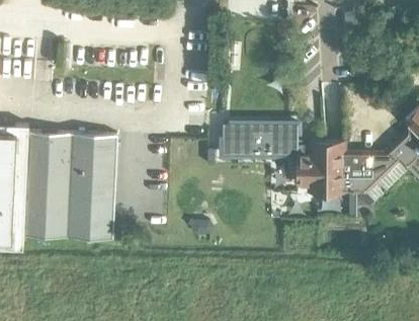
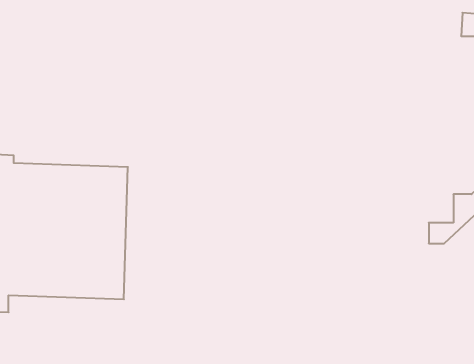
building: [222,125,371,219] -> none

